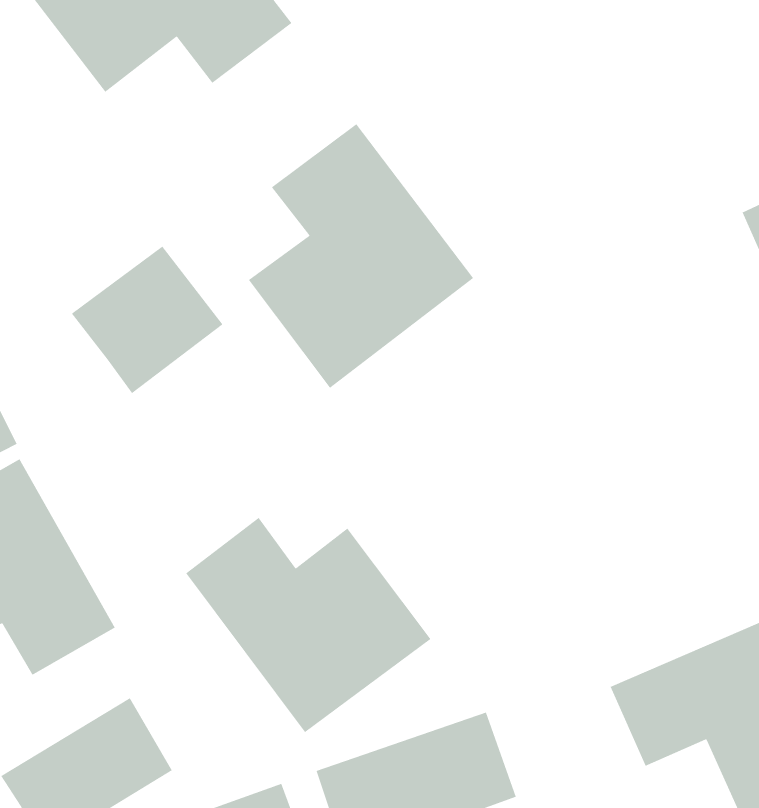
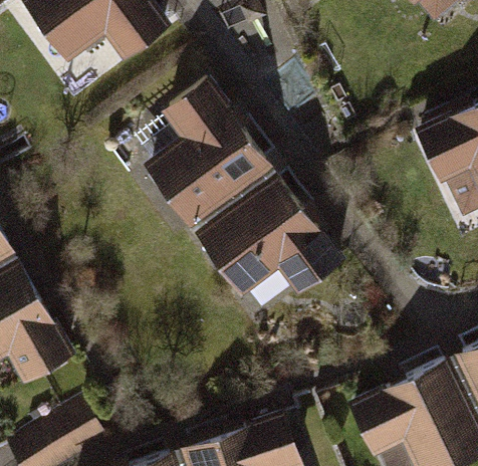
building: [71,245,223,394] -> none
building: none -> [191,174,342,302]
building: [185,517,432,733] -> none

